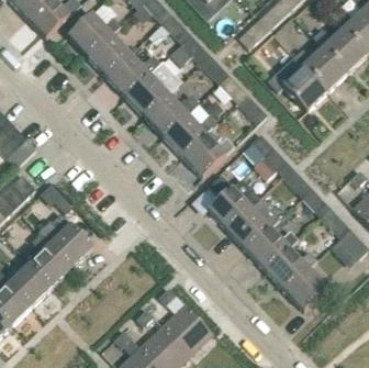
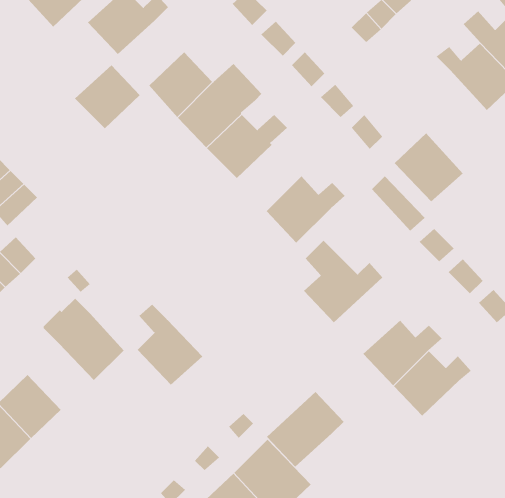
building: [87,34,130,76] -> [74,65,140,129]
building: [280,66,325,111] -> [394,133,463,202]
building: [164,112,216,157] -> none
building: [226,200,277,249] -> [266,391,345,468]
building: [29,233,71,286] -> [137,304,203,385]
building: [283,267,326,311] -> none

